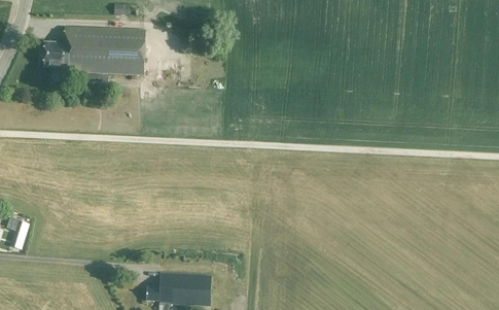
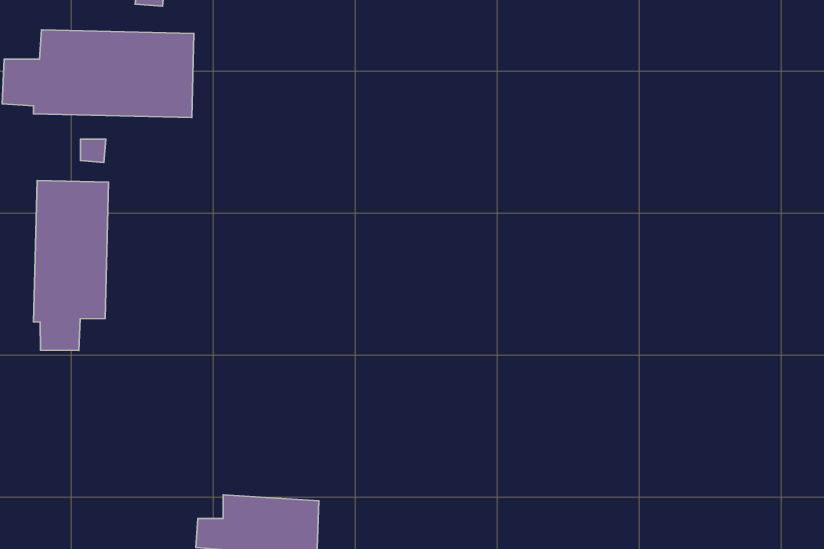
building: none -> [34,180,109,350]

